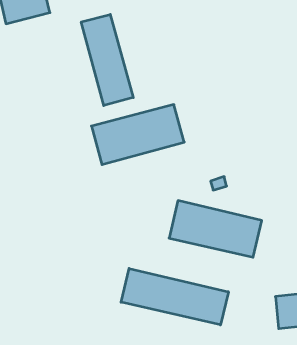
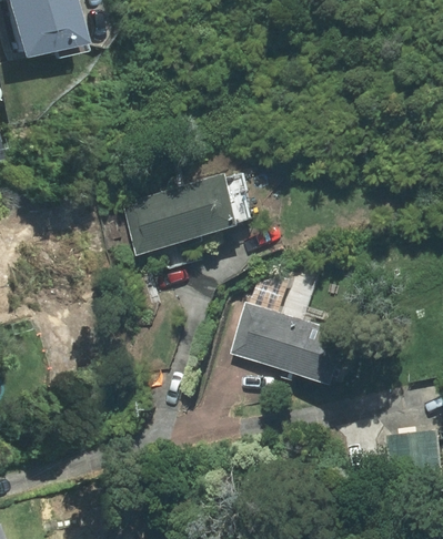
building: [81,14,133,106] -> none
building: [121,268,228,325] -> none

